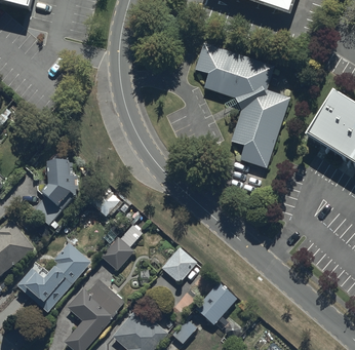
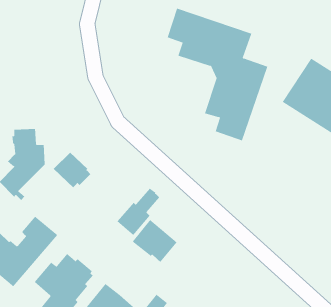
building: [100,224,142,270] -> [116,188,160,236]
building: [193,279,237,324] -> none

